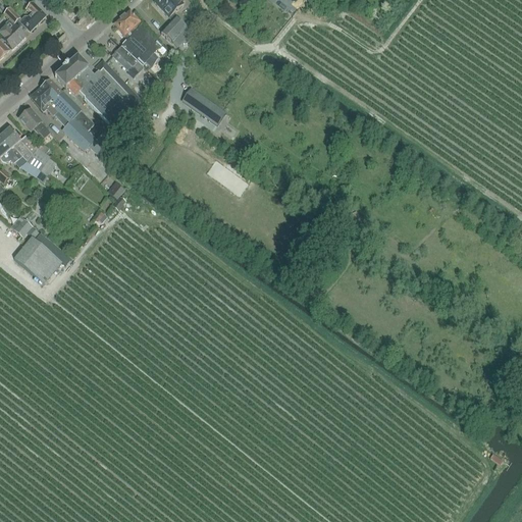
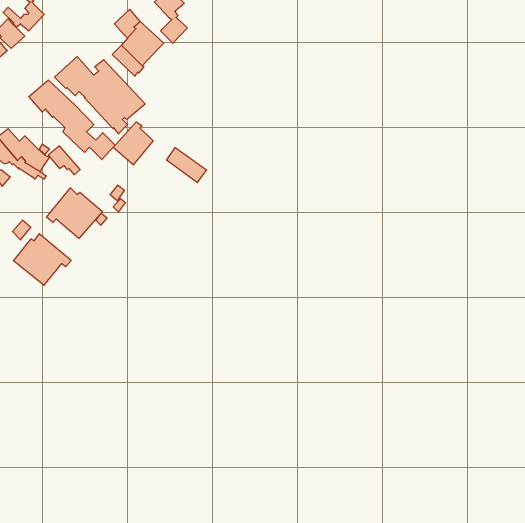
building: [186,90,225,124] -> [166,148,207,183]
building: [17,109,49,138] -> [48,146,80,175]
building: none -> [113,122,153,165]
building: none -> [46,188,102,238]

